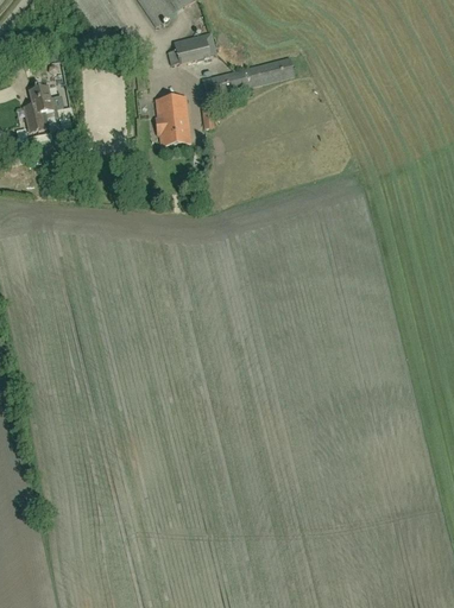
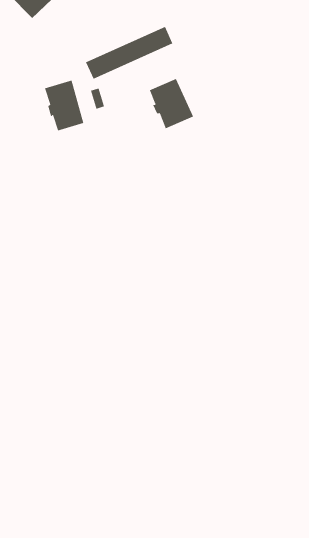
building: [168,31,216,64] -> none
building: none -> [149,78,194,129]

